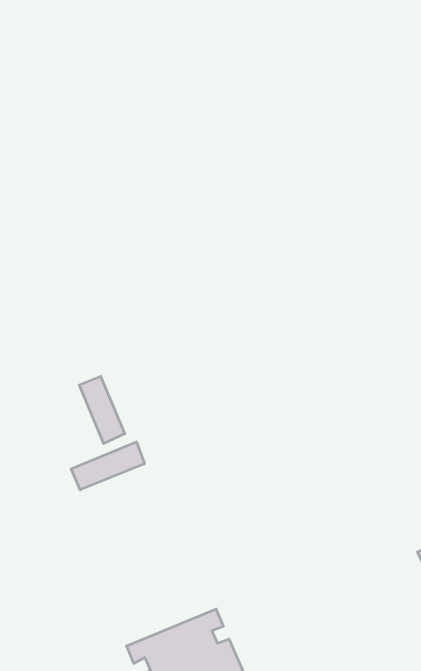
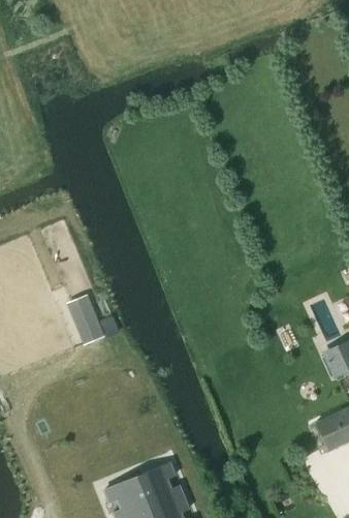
building: [71,442,144,490] -> none

